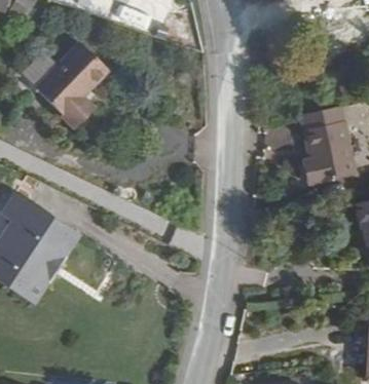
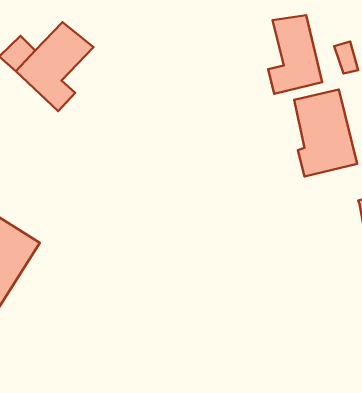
building: none -> [268,15,322,94]

